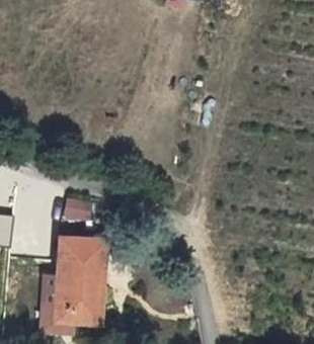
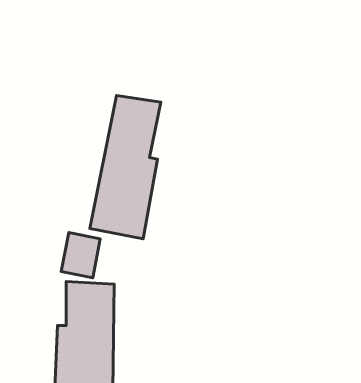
building: none -> [90,96,161,239]

